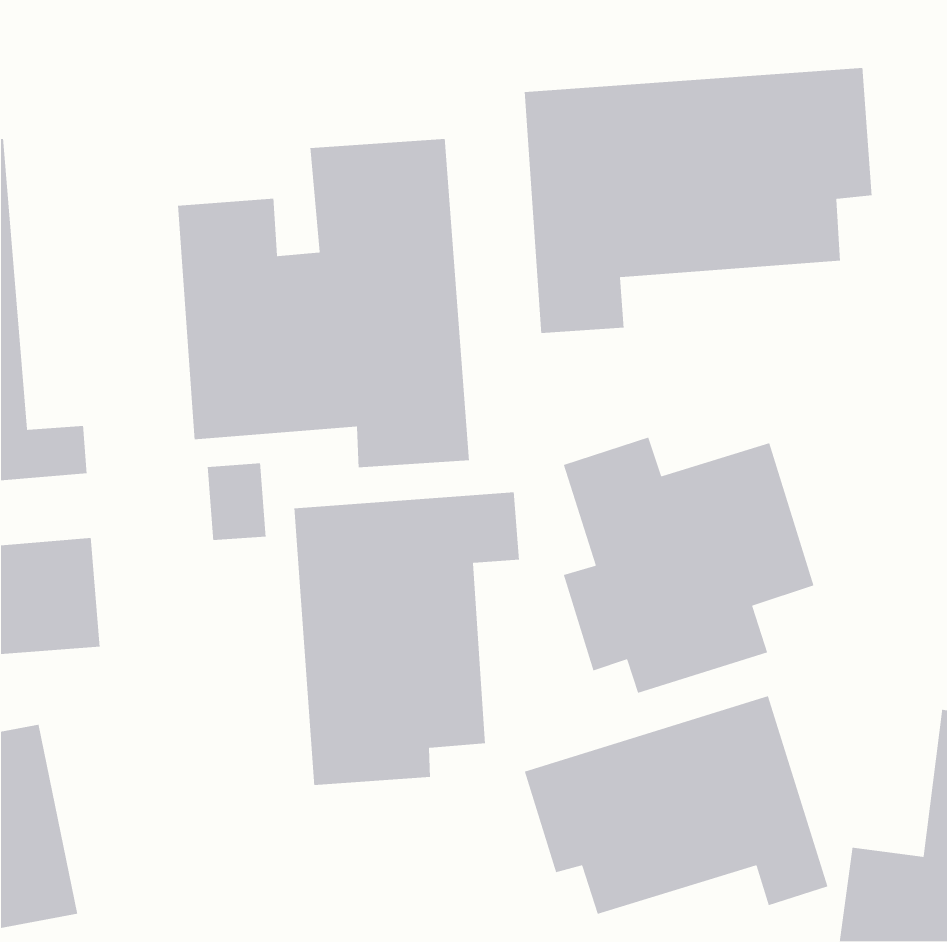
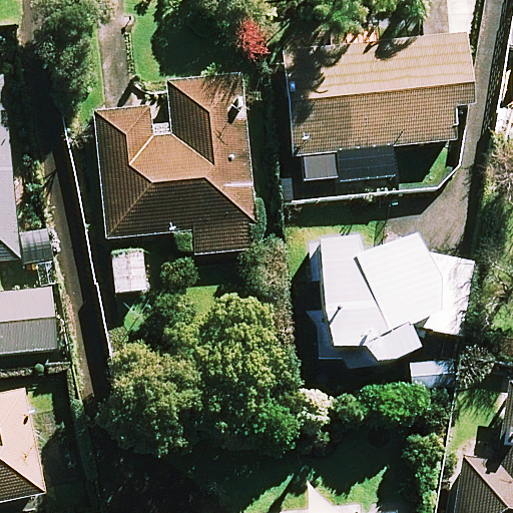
building: [294,492,520,786] -> none
building: [524,695,829,915] -> none

